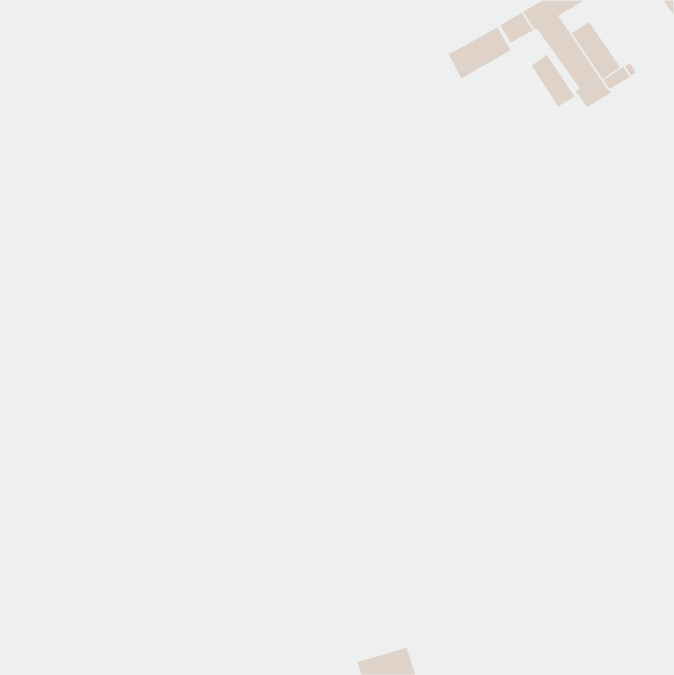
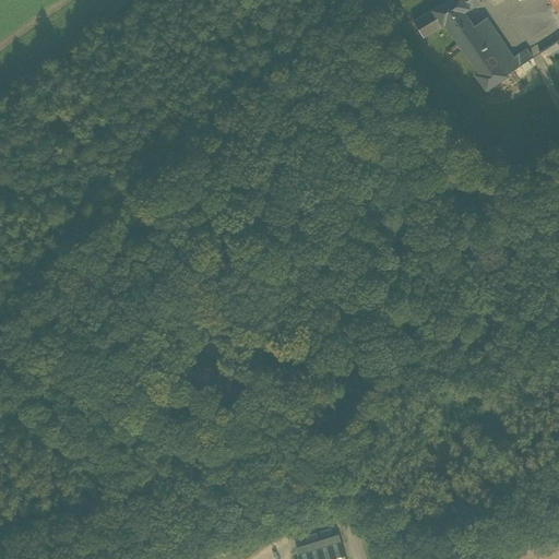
building: [448,27,512,79] -> none
building: [531,54,575,107] -> none

